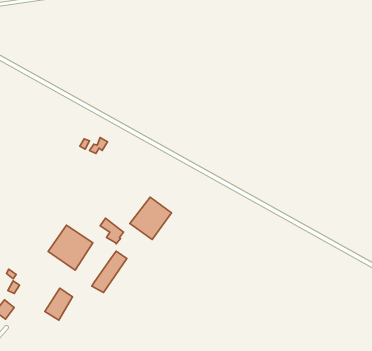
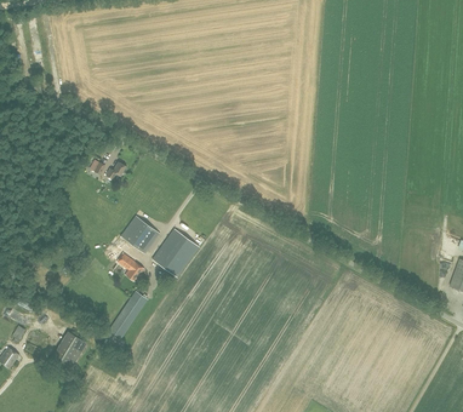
building: none -> [119,214,159,252]
building: [48,225,93,270] -> none

